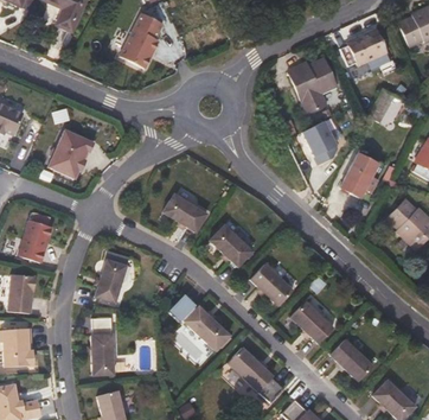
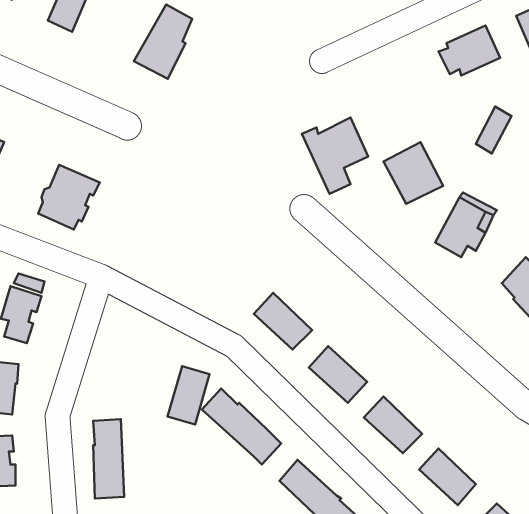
building: [288,57,337,113] -> [302,118,368,194]
building: [160,193,204,231] -> none
building: [94,260,124,303] -> [167,366,210,425]

